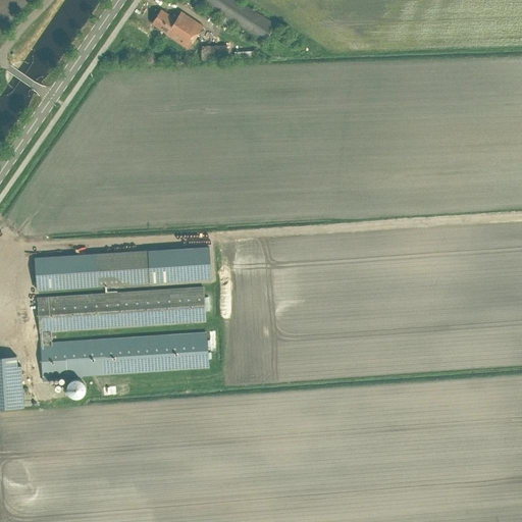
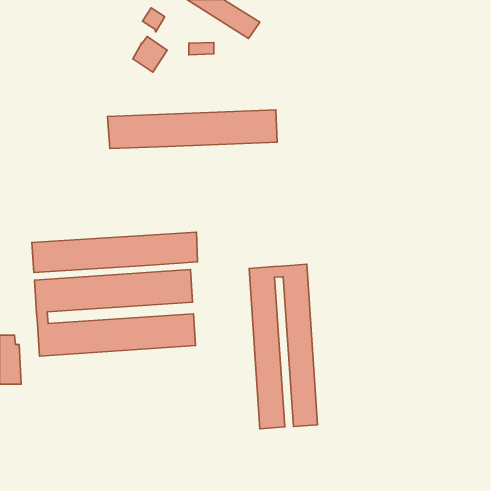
building: [165,10,202,48] -> [133,37,167,72]
building: none -> [108,110,277,148]
building: none -> [249,264,318,429]

